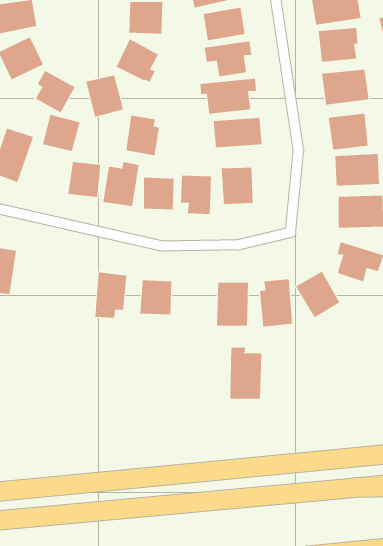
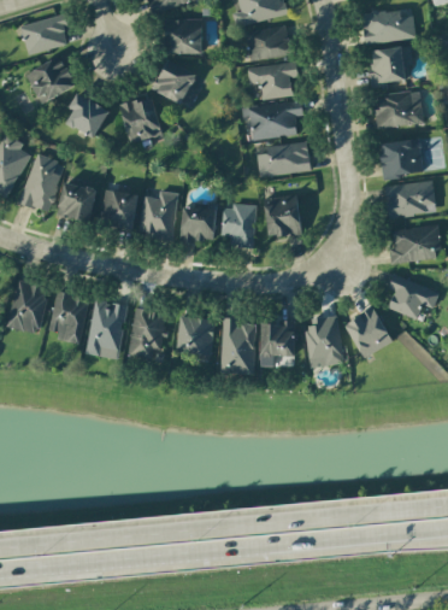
building: [42,114,80,151] -> [57,182,98,222]
building: [126,115,159,156] -> none
building: none -> [48,292,89,344]
building: none -> [87,300,126,359]
building: [229,347,262,399] -> [220,318,255,374]

